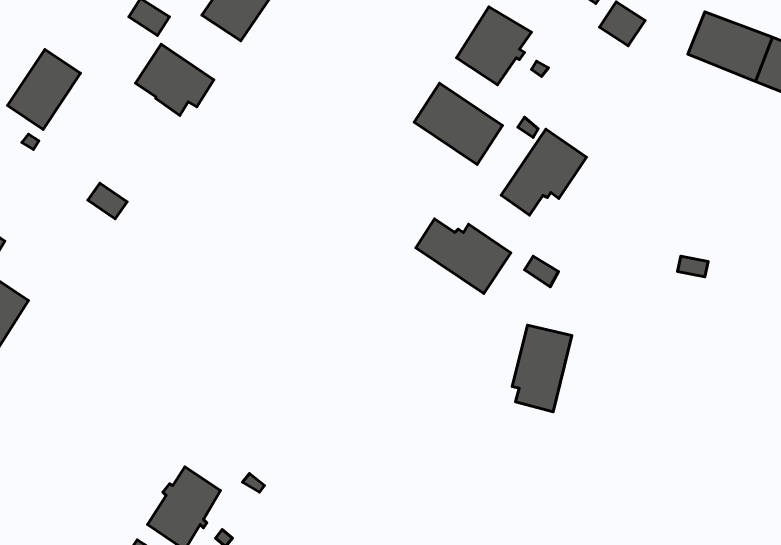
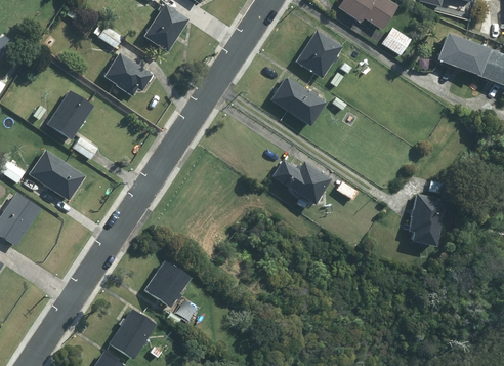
building: [8,50,81,129] -> [48,90,92,138]
building: [501,129,587,215] -> none
building: none -> [30,151,83,200]
building: [512,325,572,412] -> [409,194,445,246]
building: none -> [145,261,190,306]

